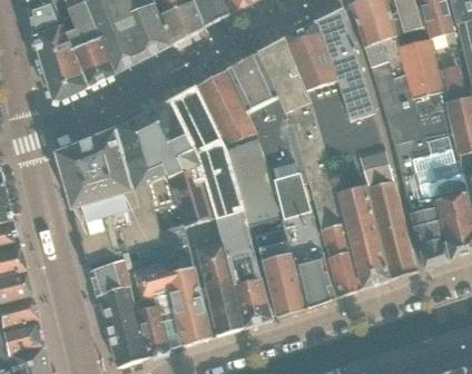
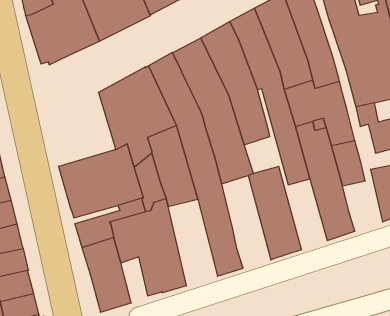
building: [55,127,132,207] -> none
building: [272,175,309,215] -> none
building: [319,220,362,295] -> none
building: [378,223,416,277] -> none
building: [255,225,301,316] -> none
building: [189,243,243,336] -> none
building: [138,305,168,355] -> none

